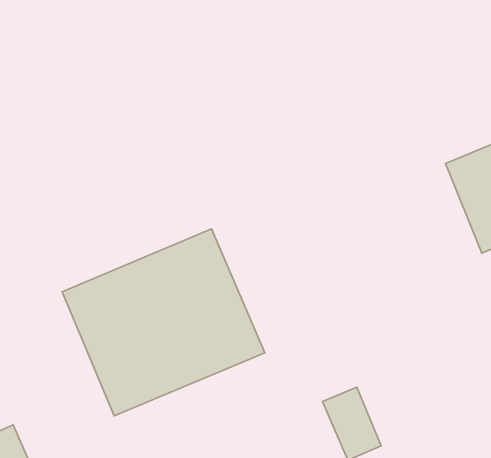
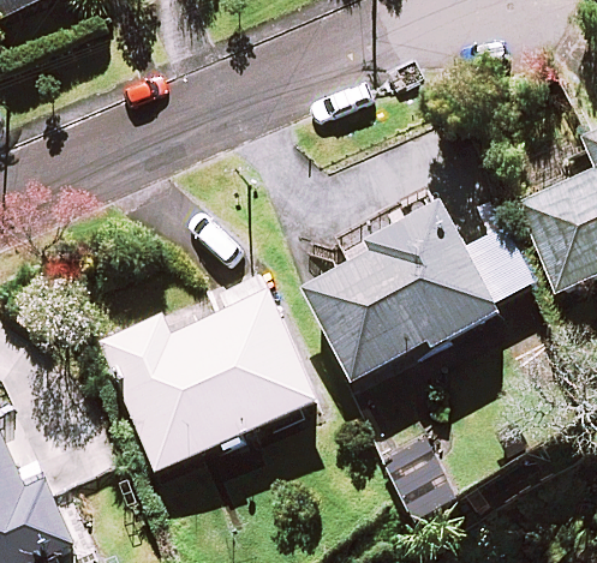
building: none -> [306,206,501,388]

